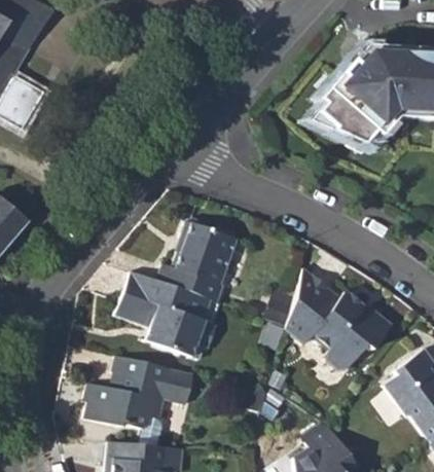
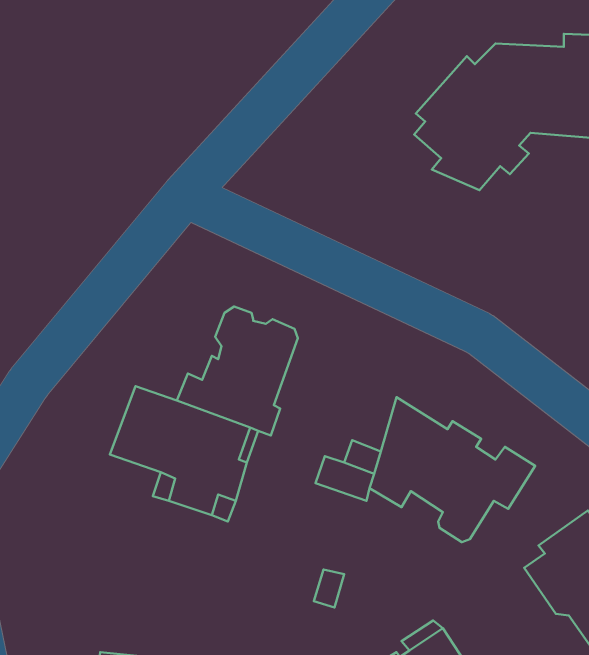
building: [84,354,191,429] -> none

